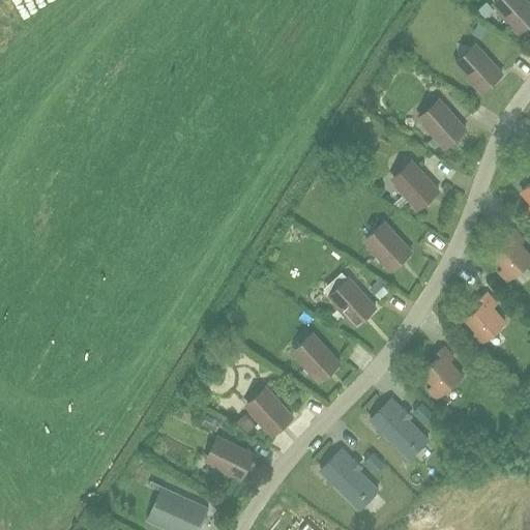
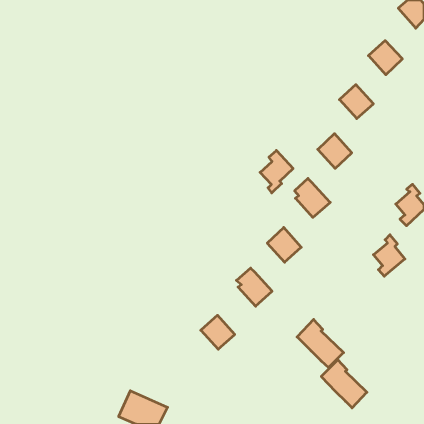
building: none -> [260,150,293,193]
building: [422,347,462,399] -> none
building: [213,440,255,480] -> none
building: [321,449,378,509] -> [321,360,367,408]

